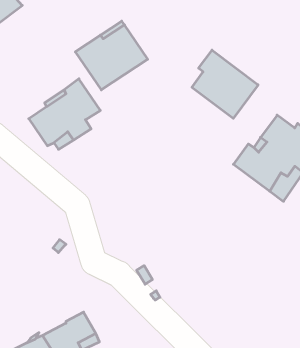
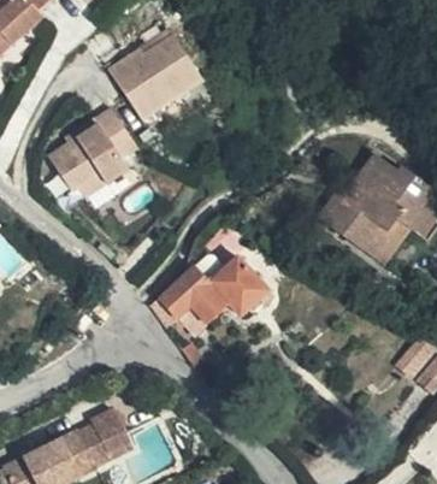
building: [192,50,258,118] -> none
building: none -> [154,252,274,324]

